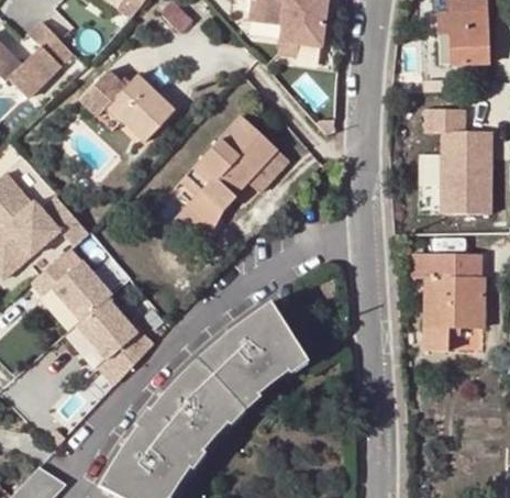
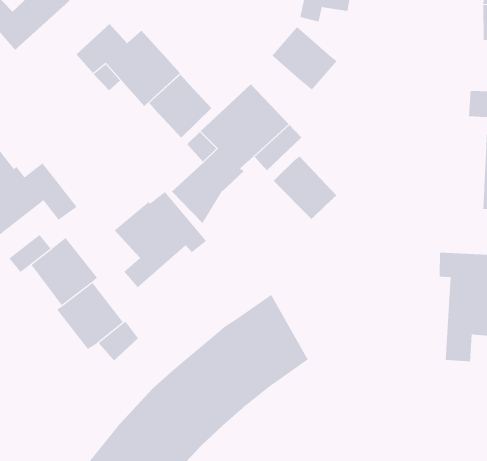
building: none -> [272,26,338,90]
building: none -> [149,74,212,139]
building: none -> [273,155,337,220]
building: none -> [114,191,207,288]

